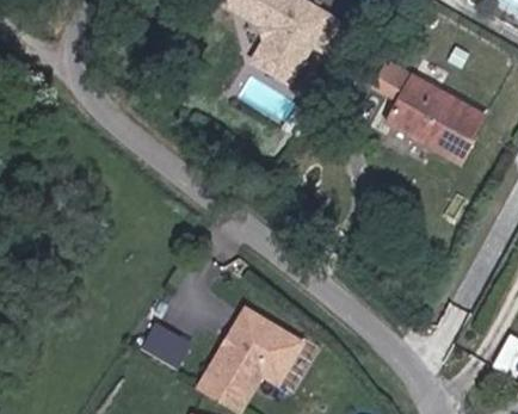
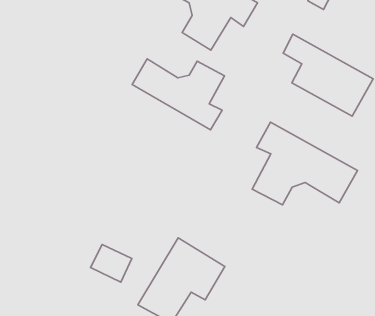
building: none -> [132,59,225,130]
building: none -> [252,122,357,205]

